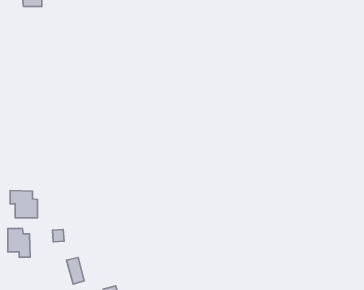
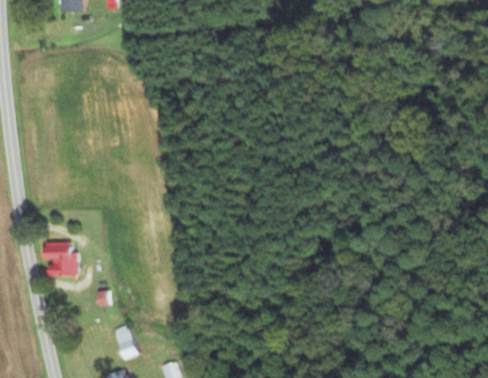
building: [8,229,30,257] -> none

